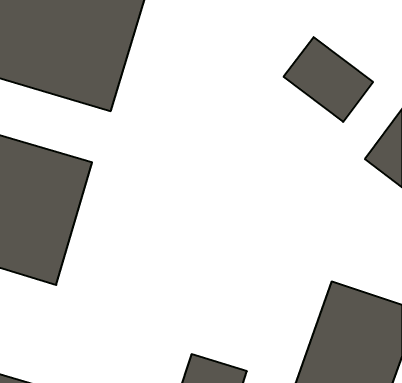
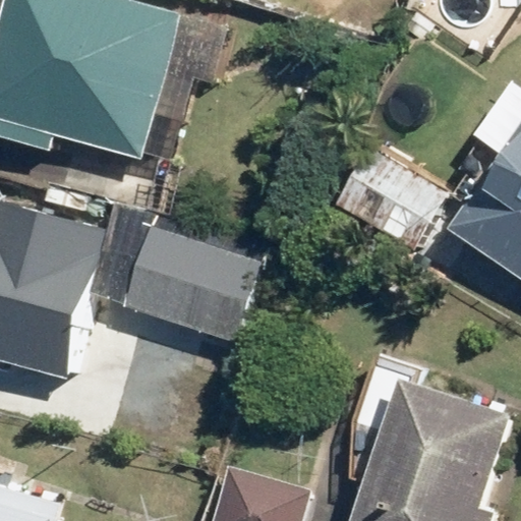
building: [284,37,373,122] -> [340,148,452,253]
building: none -> [129,226,263,345]

